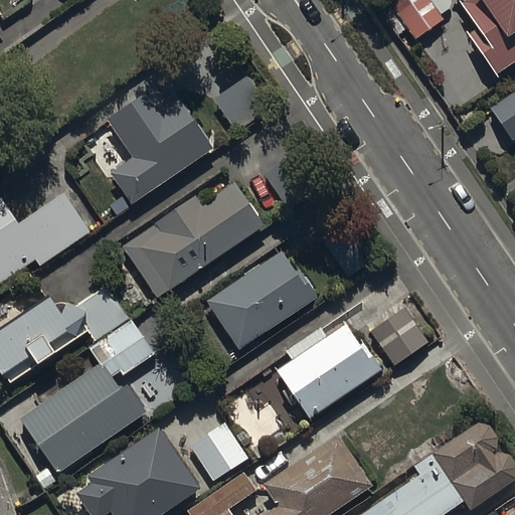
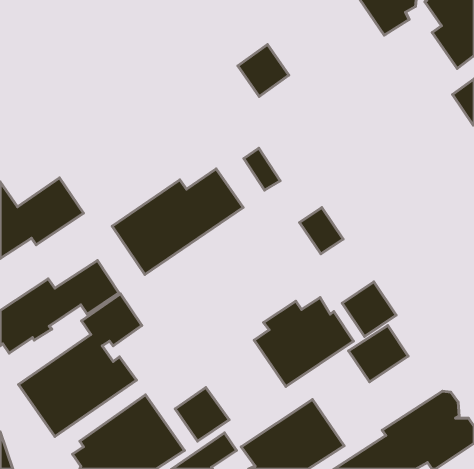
building: [214,75,270,132] -> [238,44,289,96]
building: [110,82,211,204] -> none
building: [206,250,317,350] -> none
building: none -> [348,326,408,382]

